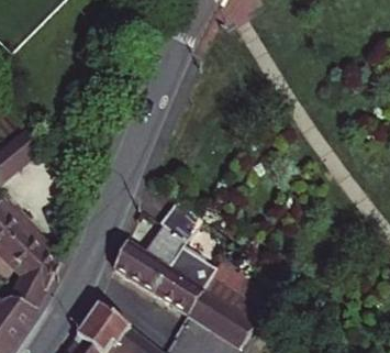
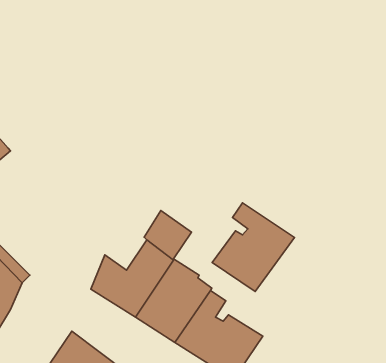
building: none -> [212,203,295,292]

